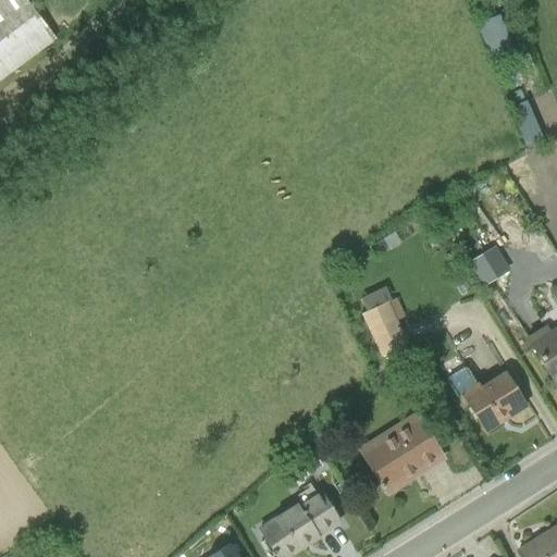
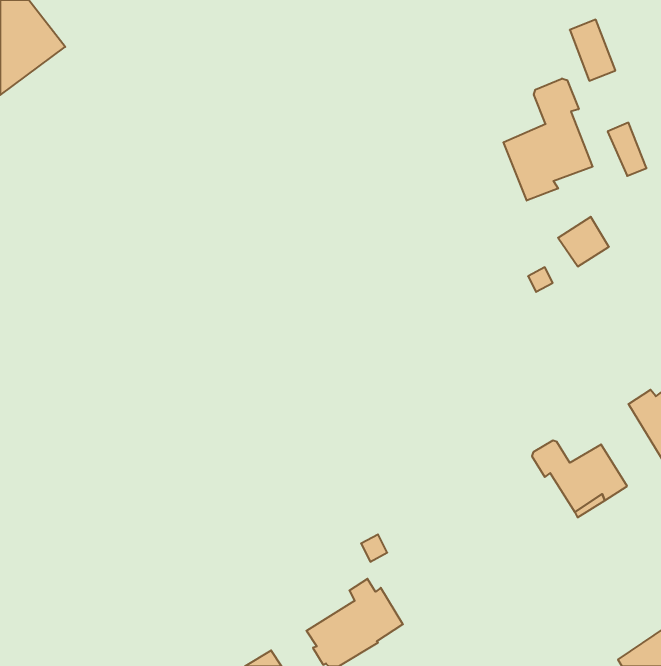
building: none -> [503,78,593,201]
building: [469,246,511,287] -> [558,217,609,266]
building: [361,286,409,356] -> none
building: [361,413,442,493] -> none

